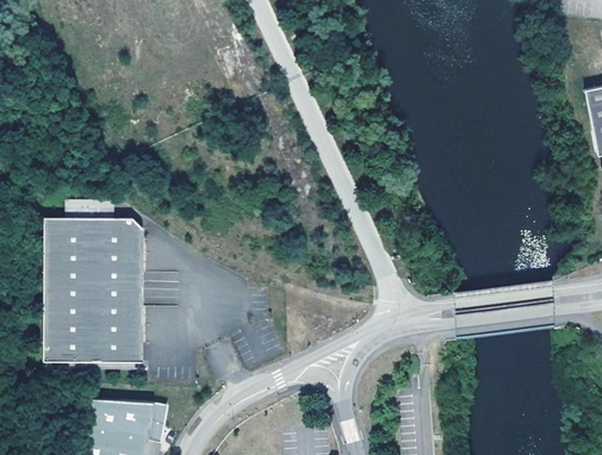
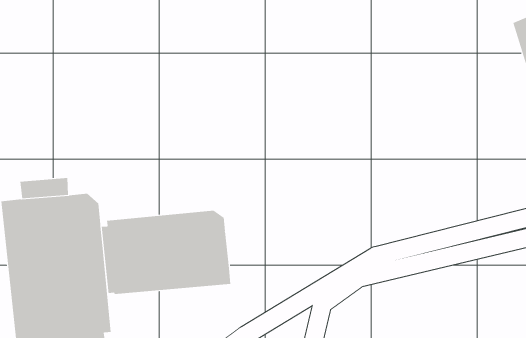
building: none -> [101,210,231,295]

